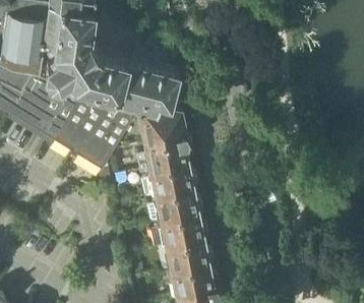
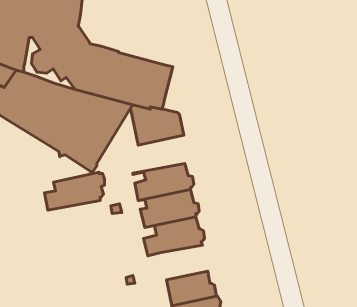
building: [138,140,194,176] -> [45,172,105,210]
building: [168,243,214,276] -> none

